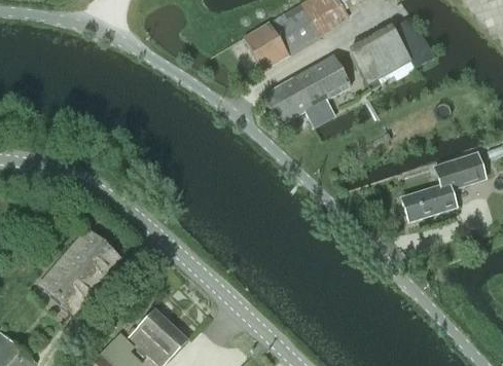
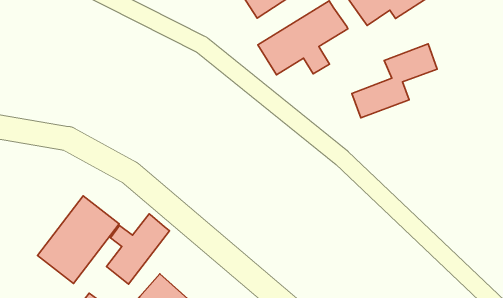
building: [402,153,486,220] -> [352,44,437,118]
building: none -> [106,214,169,284]

